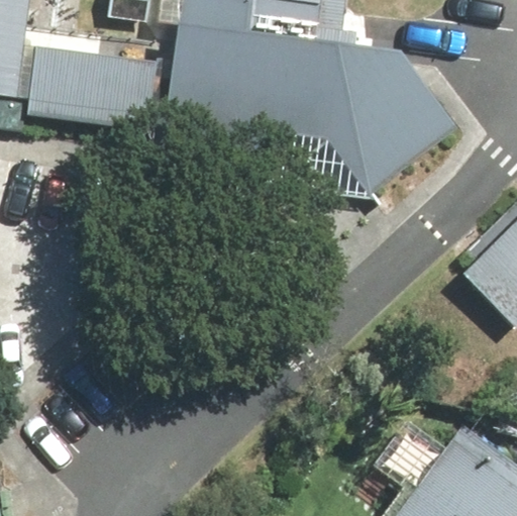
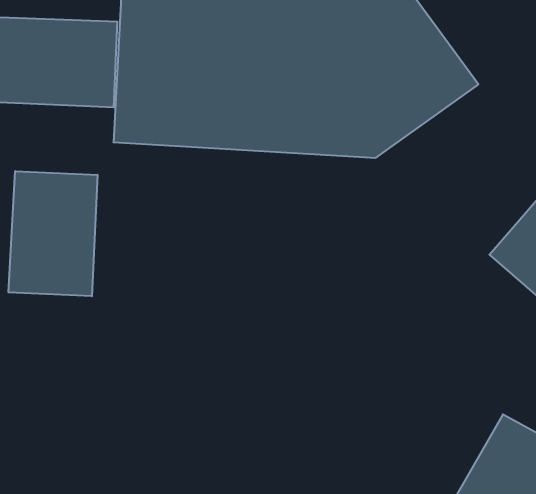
building: none -> [9,171,97,296]

